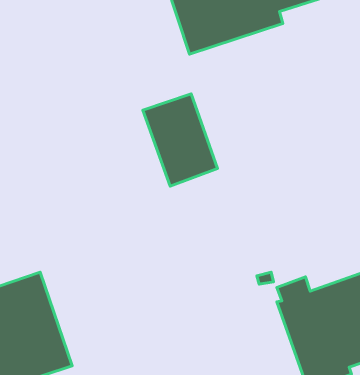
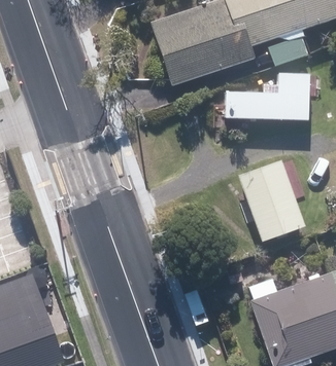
building: none -> [225,74,308,120]
building: [143,94,217,186] -> [238,162,303,243]

